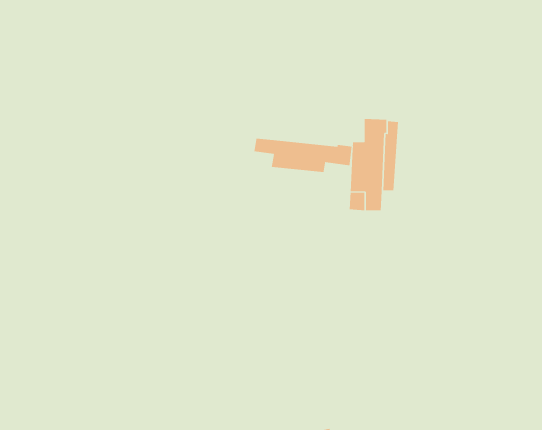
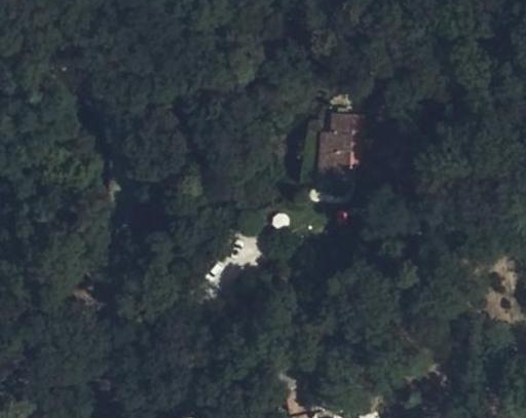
building: [254,138,352,173] -> none

